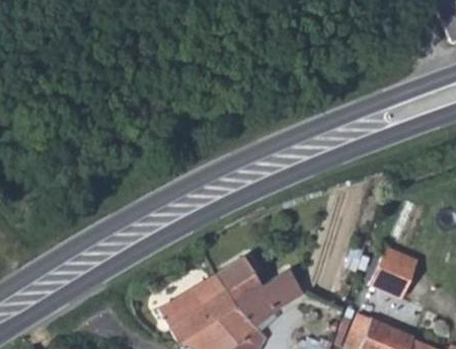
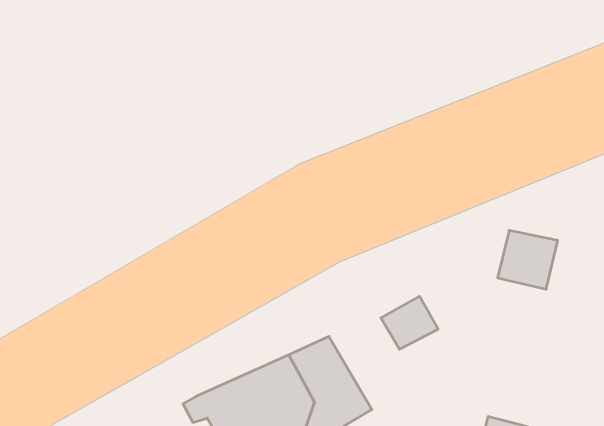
building: [372,256,414,297] -> [498,230,558,289]
building: [263,276,304,313] -> [381,296,438,349]

